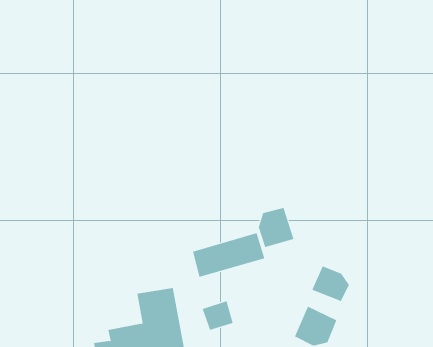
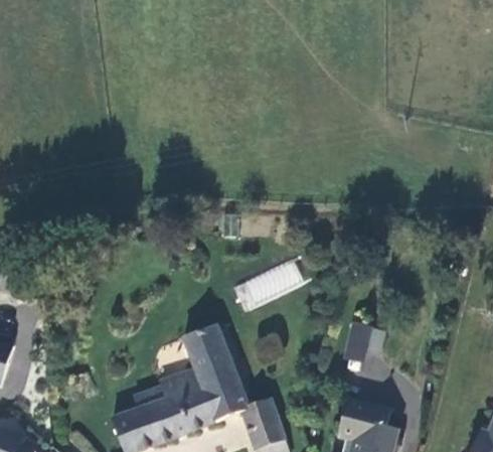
building: [258,207,294,248] -> none
building: [312,265,350,302] -> none

